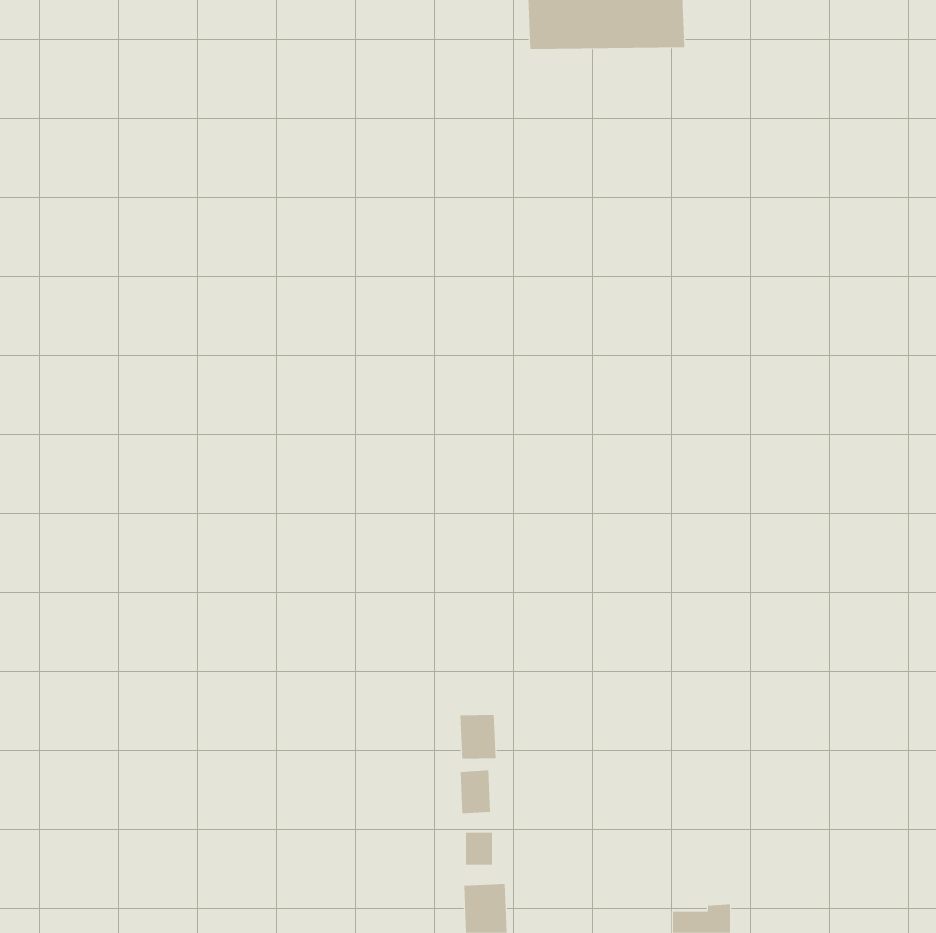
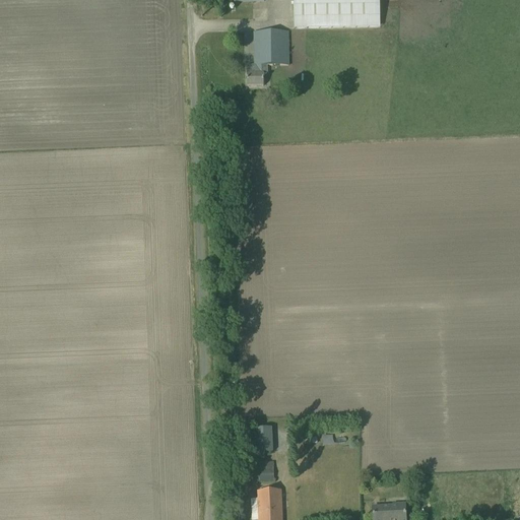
building: none -> [247,30,288,85]
building: [460,714,496,760] -> none

